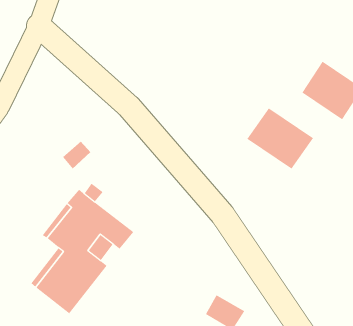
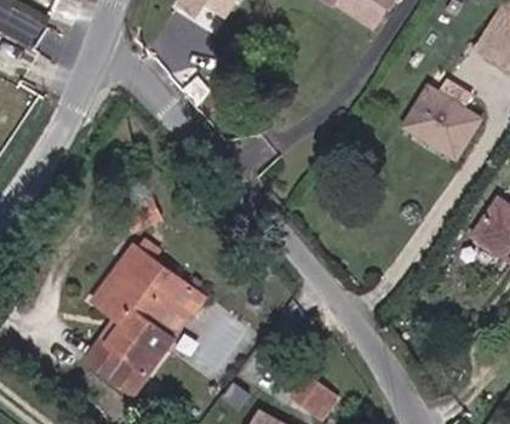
building: [246,107,314,169] -> none

